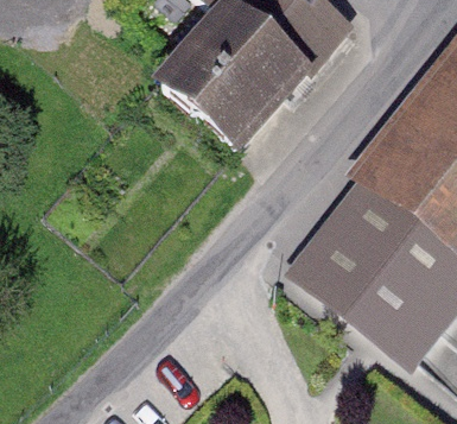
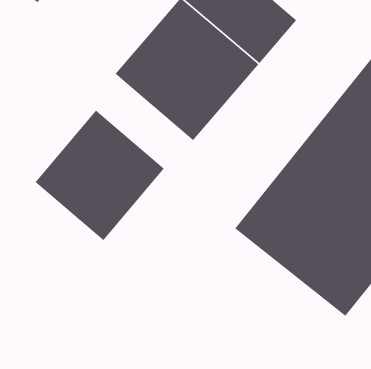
building: none -> [34,109,165,241]

